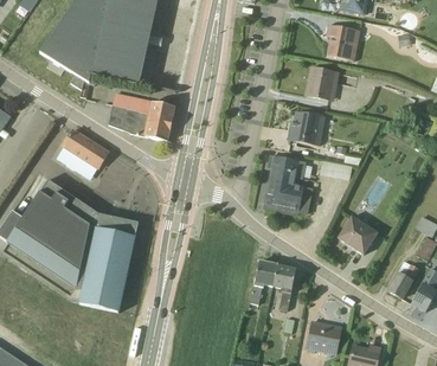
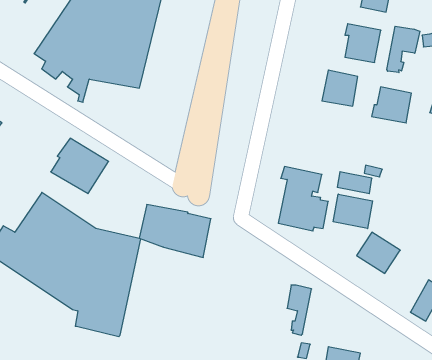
building: none -> [387,26,420,73]
building: [108,92,174,141] -> [139,205,211,257]
building: [288,111,324,145] -> [372,87,411,123]
building: none -> [333,194,373,229]
building: [250,261,277,303] -> none

